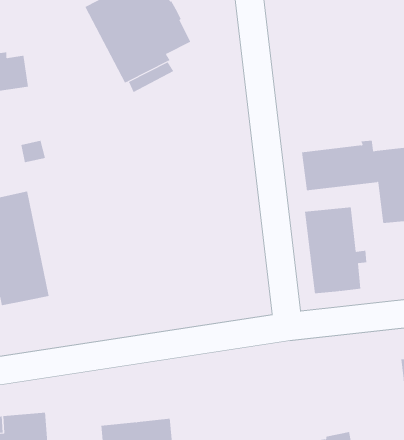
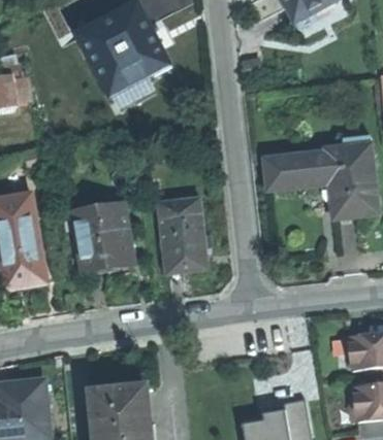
building: none -> [72,202,130,278]
building: [304,207,367,294] -> [157,199,211,273]

